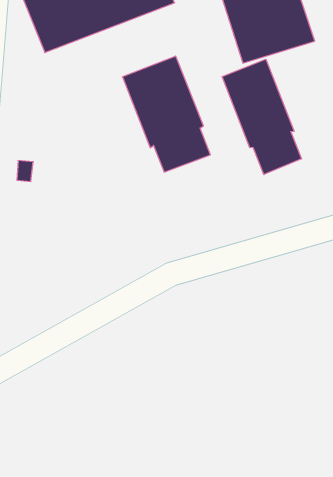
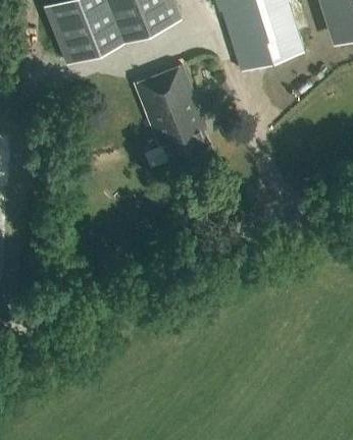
building: [222,59,301,175] -> none

